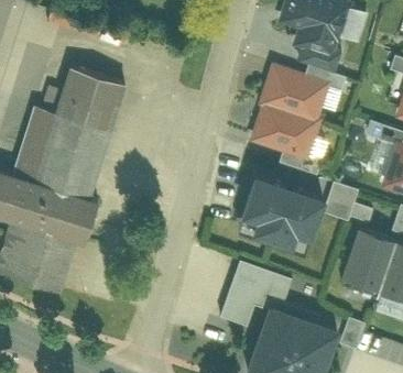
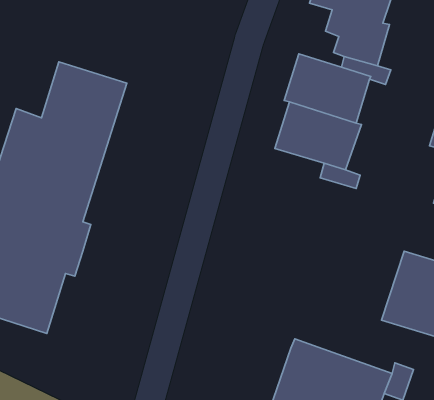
building: [232,167,322,249] -> none
building: [323,182,371,221] -> none
building: [219,260,291,325] -> none

